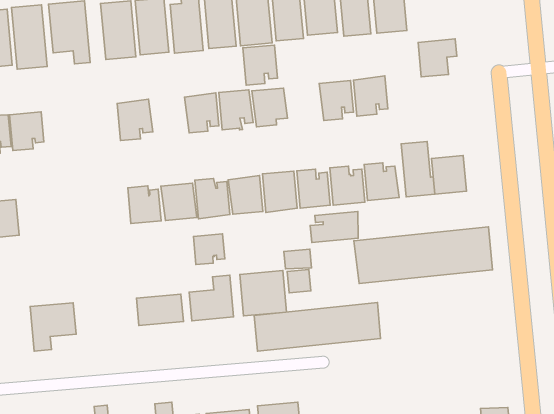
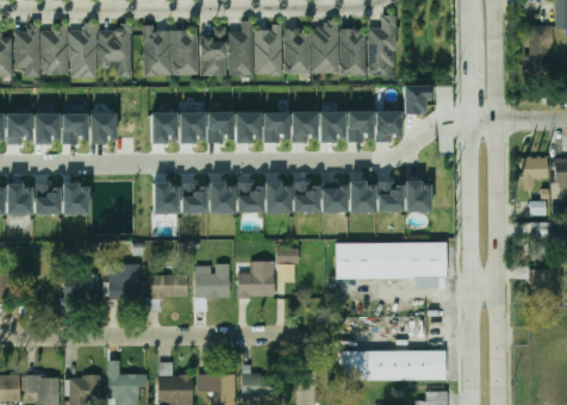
building: [243,45,277,85] -> [289,111,316,142]
building: none -> [373,110,399,142]
building: none -> [177,111,202,142]
building: none -> [88,112,114,143]
building: none -> [61,182,87,213]
building: [310,211,358,243] -> none
building: [193,234,225,265] -> none
building: none -> [107,263,141,297]
building: [254,303,381,351] -> [342,351,444,382]

